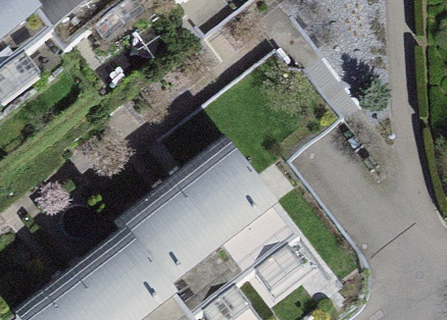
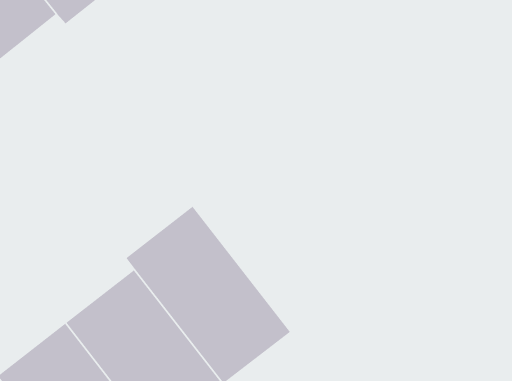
building: [170,135,303,277] -> none

